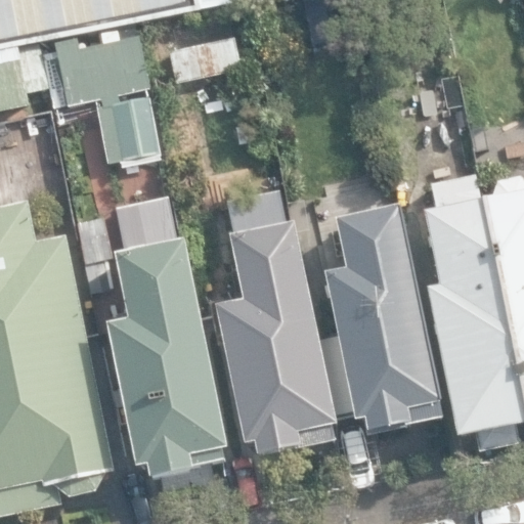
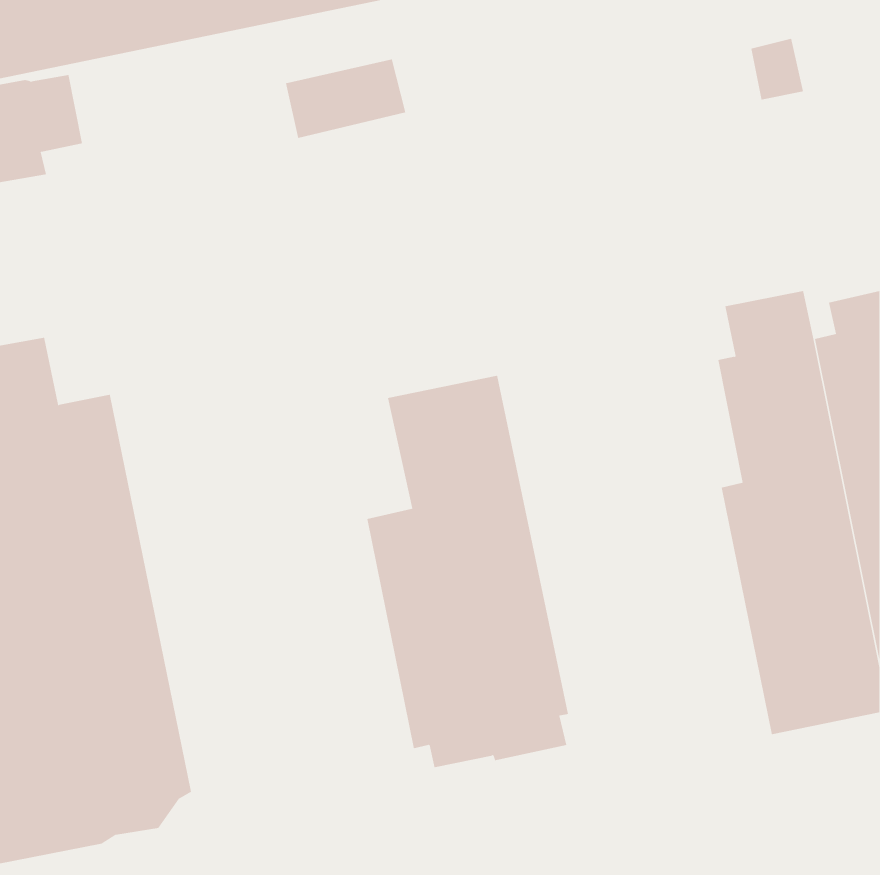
building: [53,35,159,179] -> none
building: [325,206,442,431] -> none
building: [105,211,226,477] -> none

